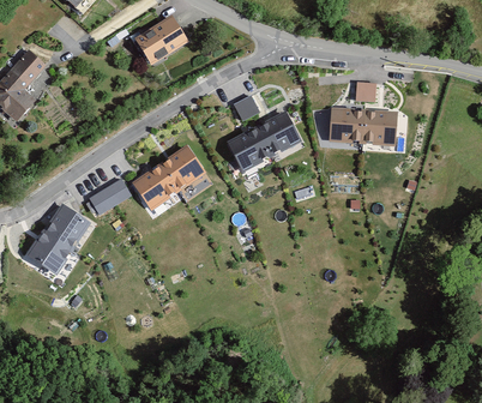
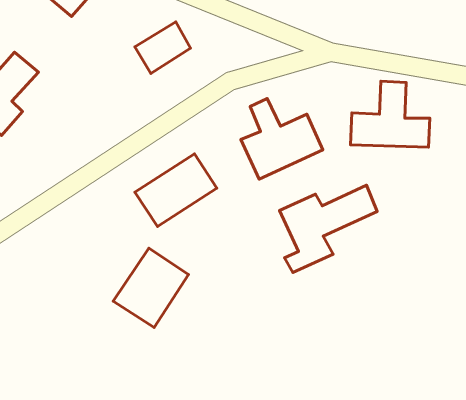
building: none -> [279,185,377,273]
building: [91,175,132,212] -> none
building: [26,198,95,270] -> [113,248,189,327]

